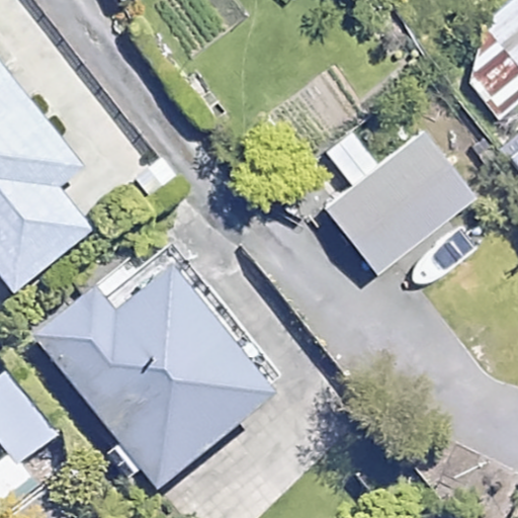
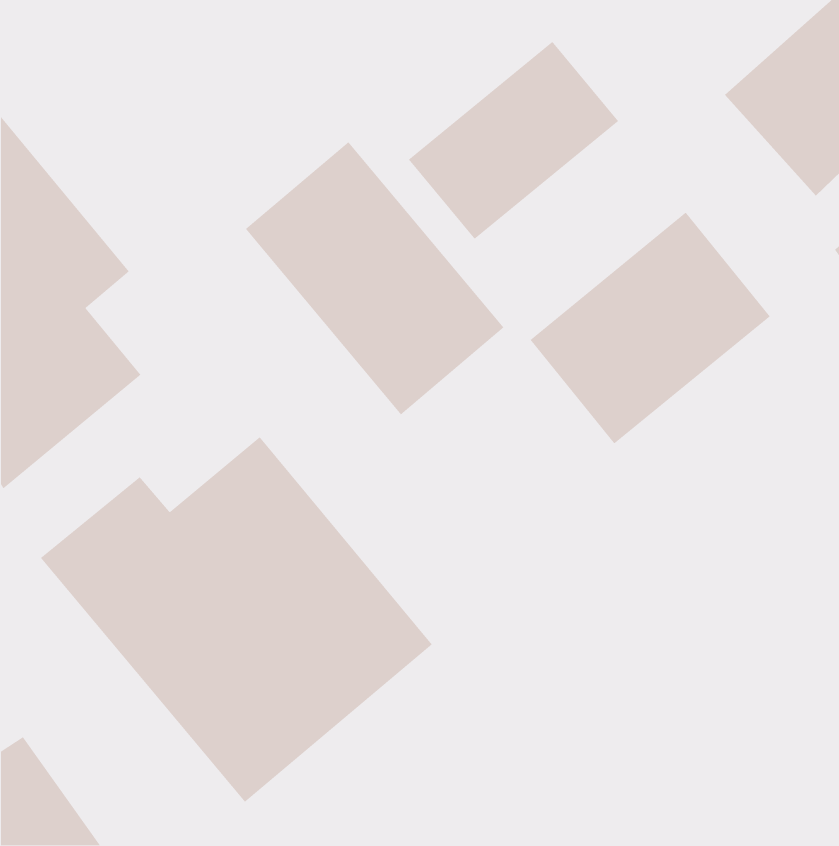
building: none -> [408,41,619,240]
building: none -> [245,141,504,415]

